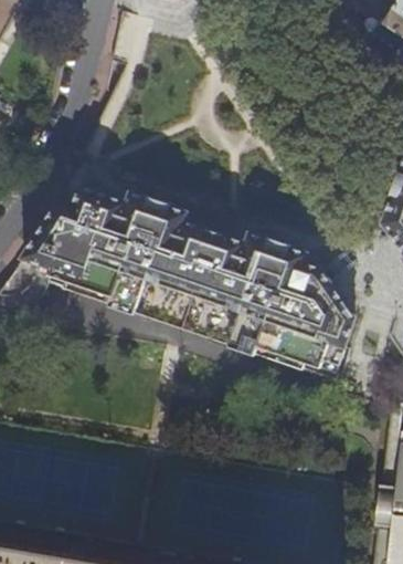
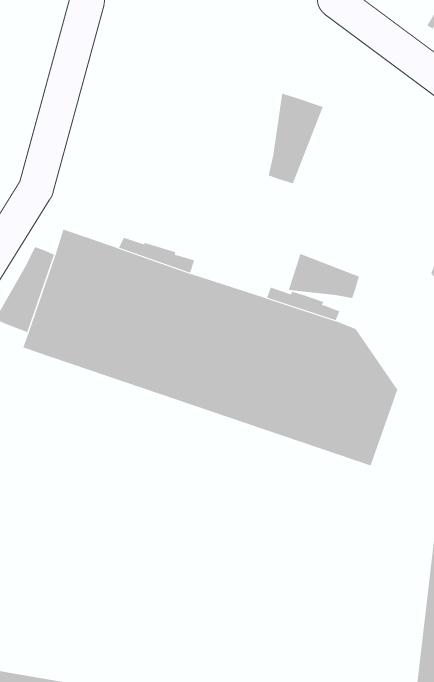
building: none -> [268,93,323,184]
building: none -> [288,253,360,299]

